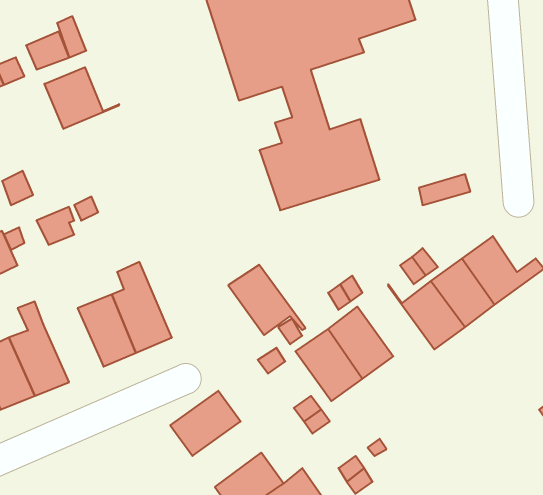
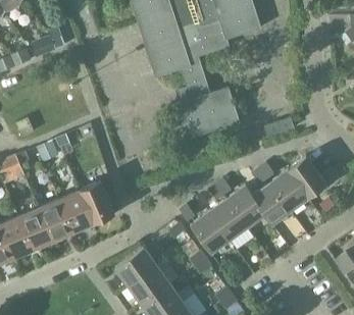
building: [44,67,119,129] -> none
building: [228,265,305,335] -> [226,186,272,227]
building: none -> [40,199,75,243]
building: none -> [129,266,169,305]

